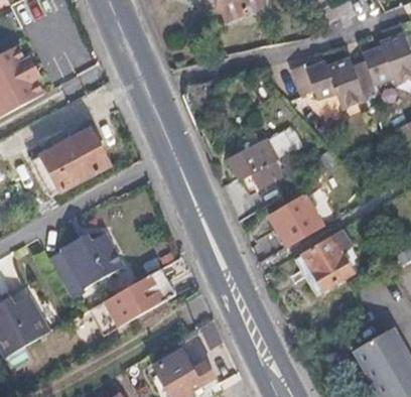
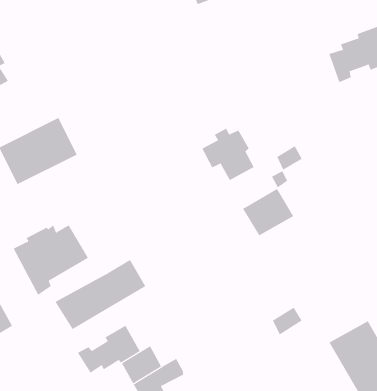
building: [294,61,367,105] -> none
building: [296,231,352,292] -> none
building: none -> [77,325,140,374]

